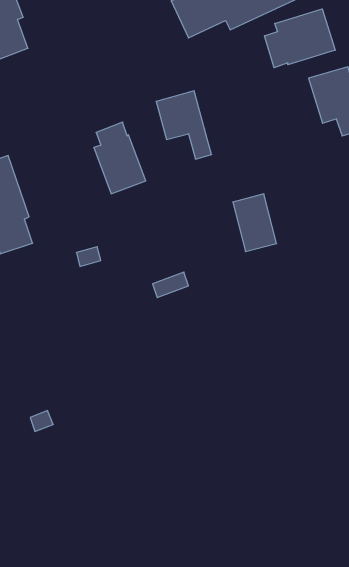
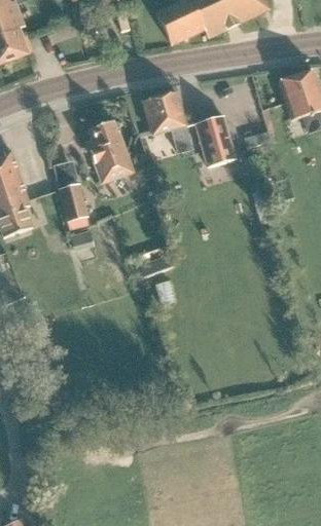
building: [265,9,335,68] -> none
building: none -> [52,159,87,229]
building: [233,194,277,252] -> [195,115,235,166]

